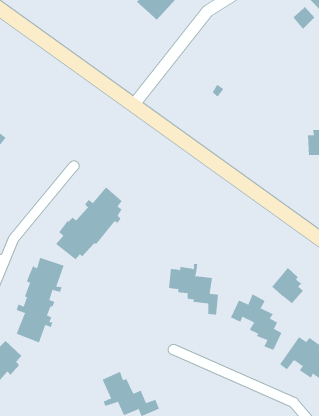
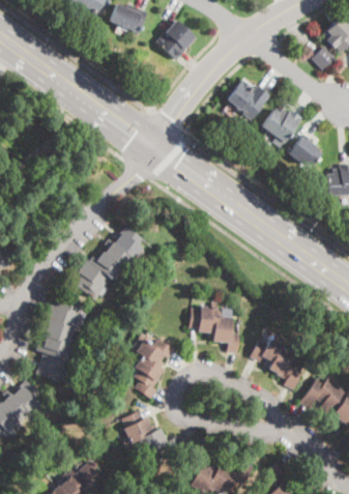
building: none -> [227,80,269,119]
building: none -> [262,109,300,148]
building: none -> [287,136,321,166]
building: [272,267,304,304] -> none
building: none -> [134,339,174,399]

